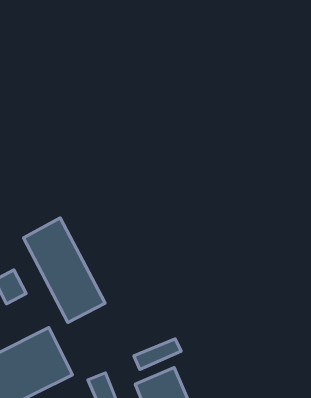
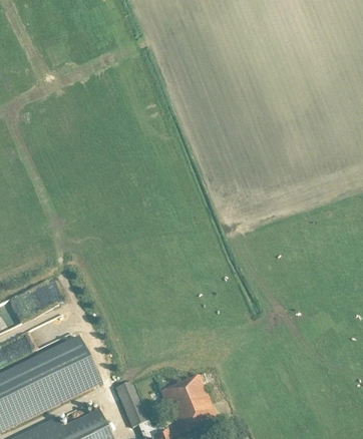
building: [23,218,105,323] -> none
building: [134,339,181,369] -> none

